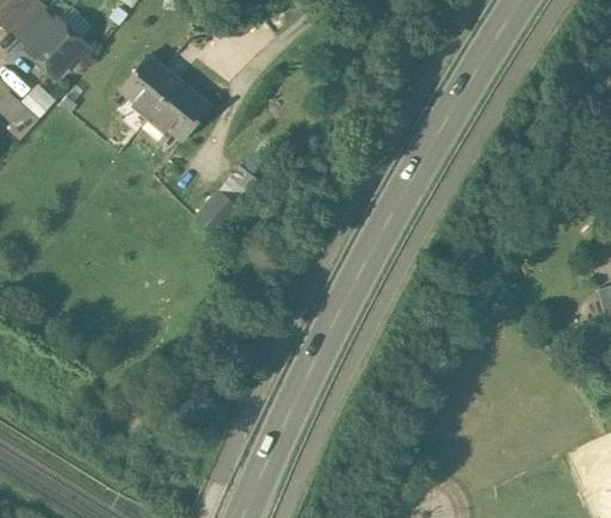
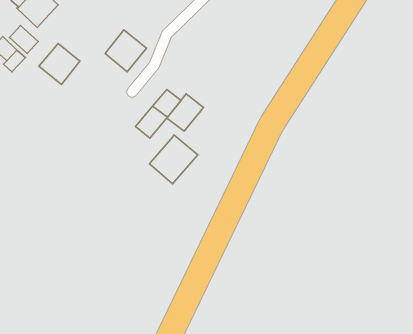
building: [119,57,178,116] -> [39,43,80,85]
building: none -> [167,94,203,131]
building: none -> [150,135,198,184]

